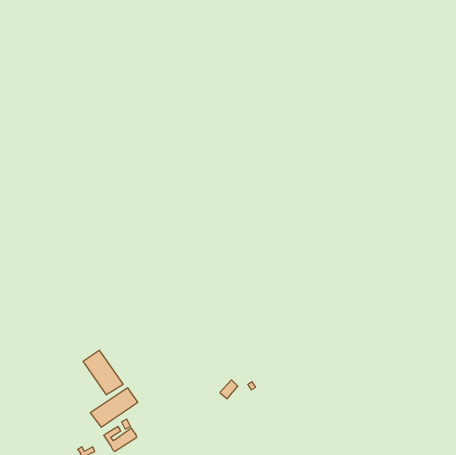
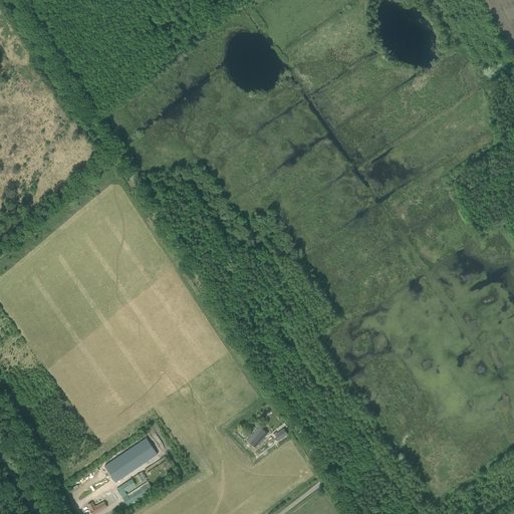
building: [83,350,123,395] -> none

